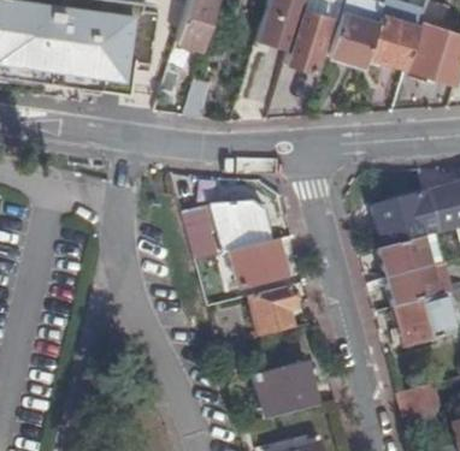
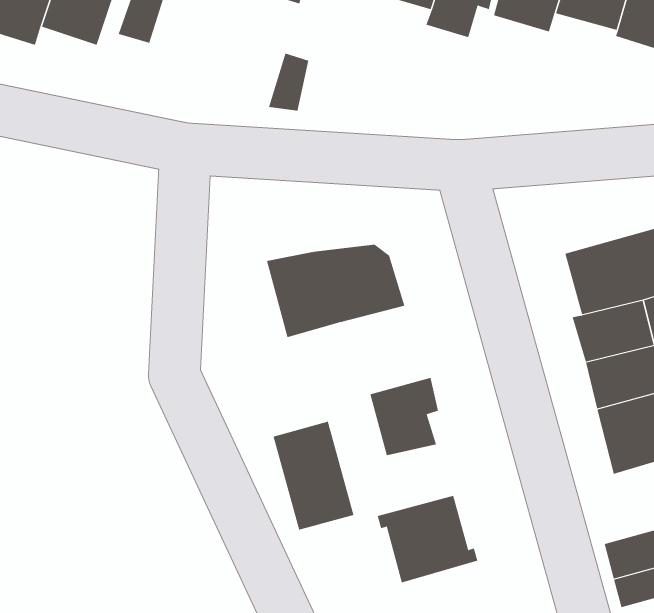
building: [230,239,285,287] -> none
building: none -> [273,421,354,531]

